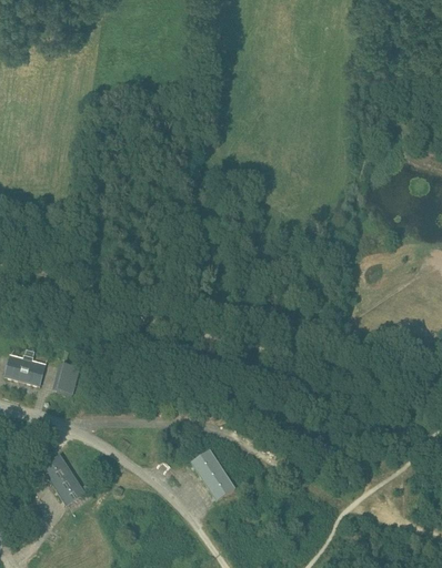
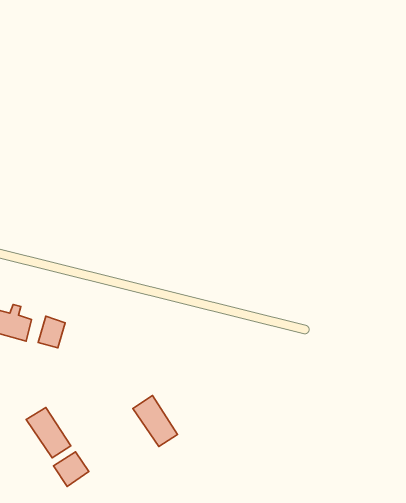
building: [190,449,235,501] -> [133,395,177,446]
building: none -> [53,452,89,487]

